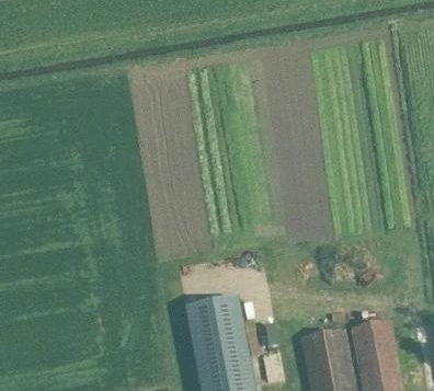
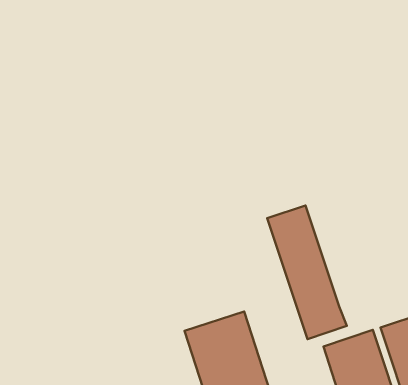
building: none -> [267,206,347,339]

